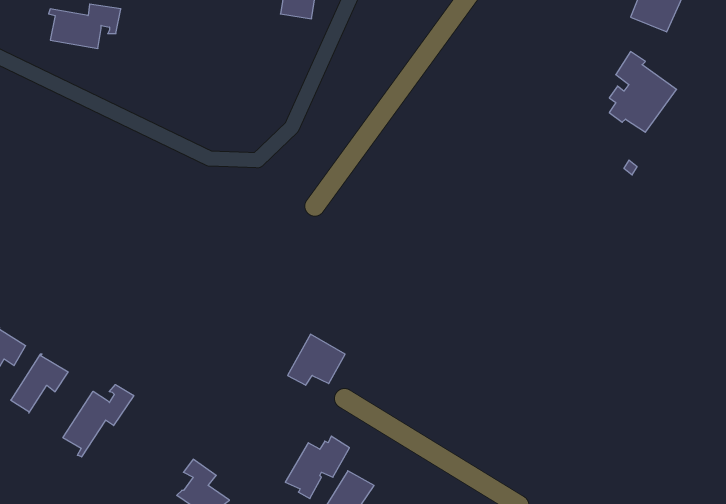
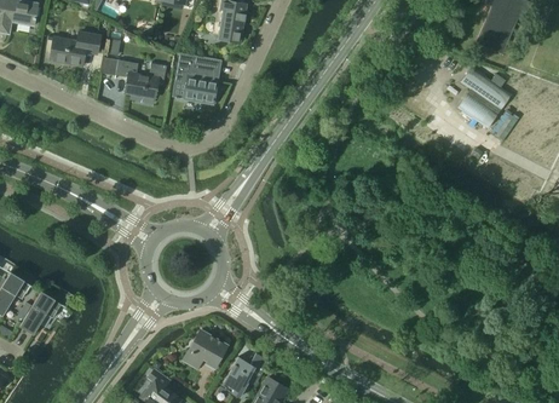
building: none -> [100,57,166,98]
building: none -> [184,63,217,104]
building: [288,334,345,385] -> [184,329,226,367]
building: [63,385,134,457] -> none

